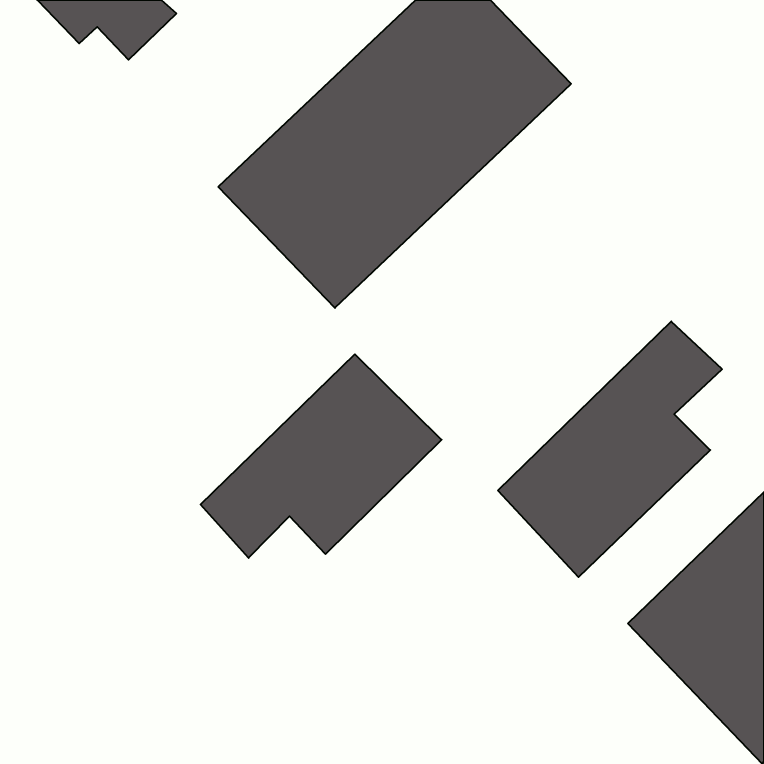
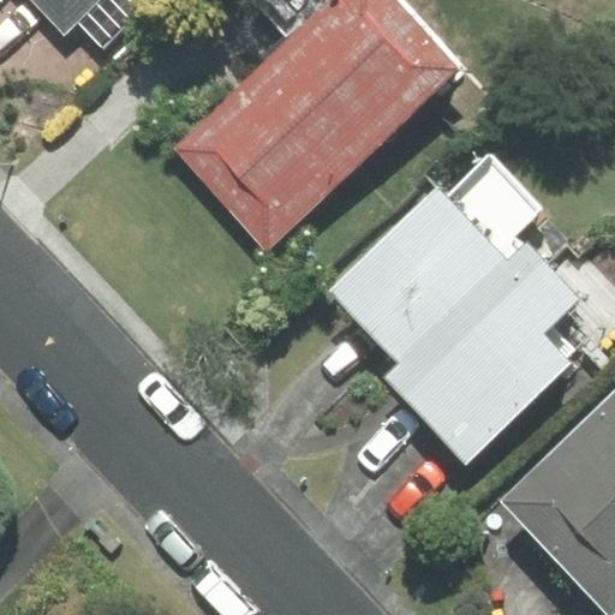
building: none -> [329,160,539,394]
building: [201,354,442,558] -> none

